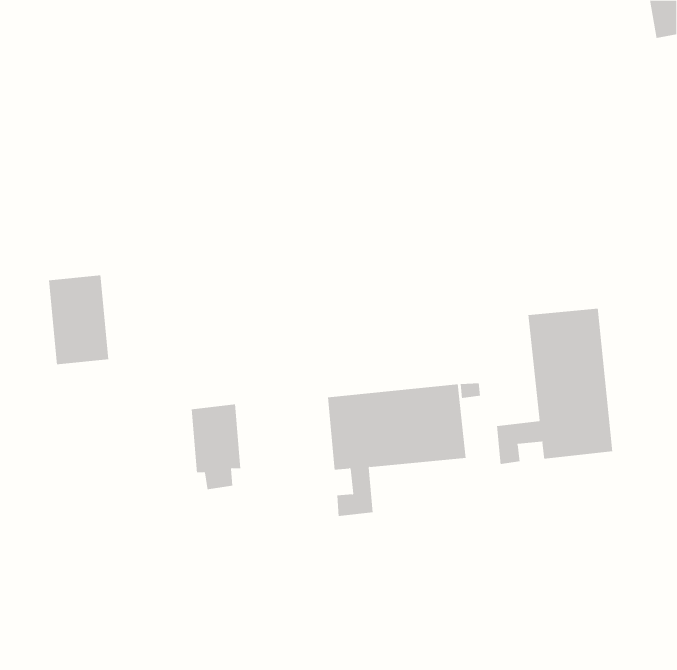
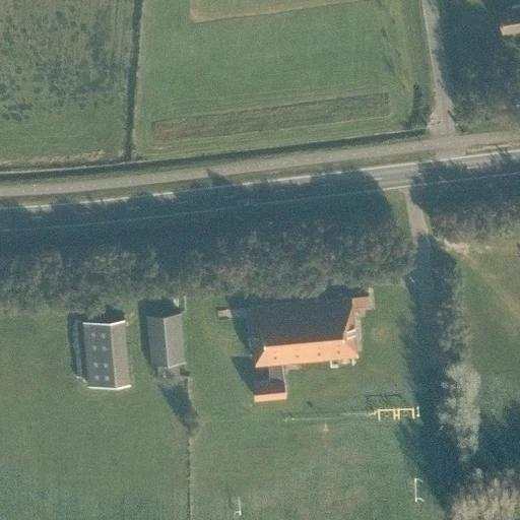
building: [48,275,109,365] -> [83,320,130,389]
building: [497,308,613,465] -> none

